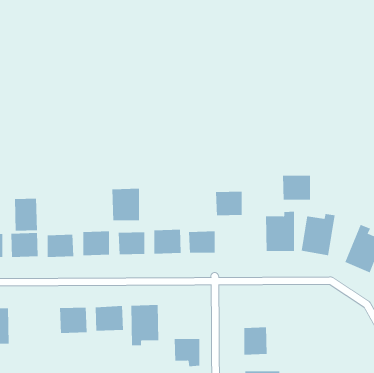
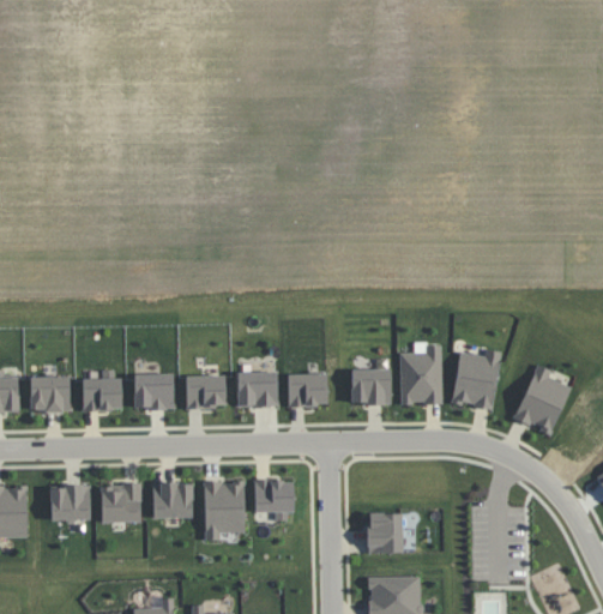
building: [283,175,311,200] -> none
building: [112,188,140,221] -> none
building: [215,191,243,216] -> [351,368,391,404]
building: [14,198,38,232] -> none
building: none -> [50,484,91,520]
building: [174,339,200,367] -> [254,480,293,520]

